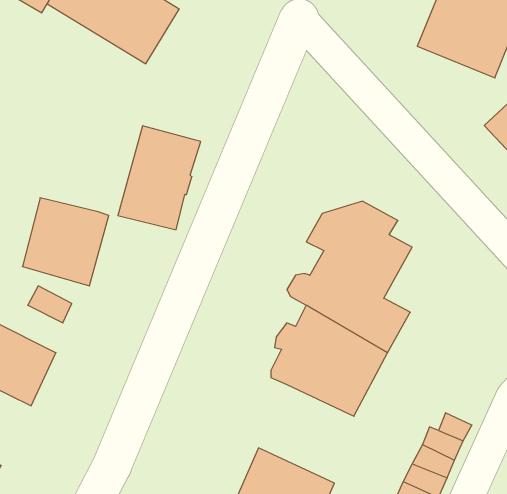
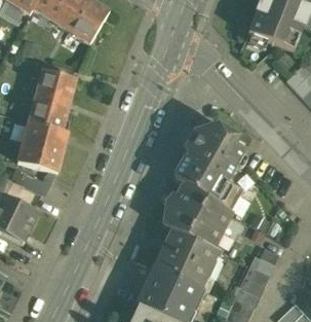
building: [118,126,201,230] -> [27,70,75,131]
building: none -> [154,231,216,289]

